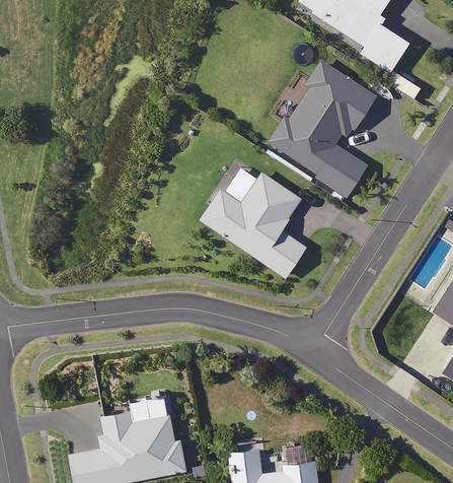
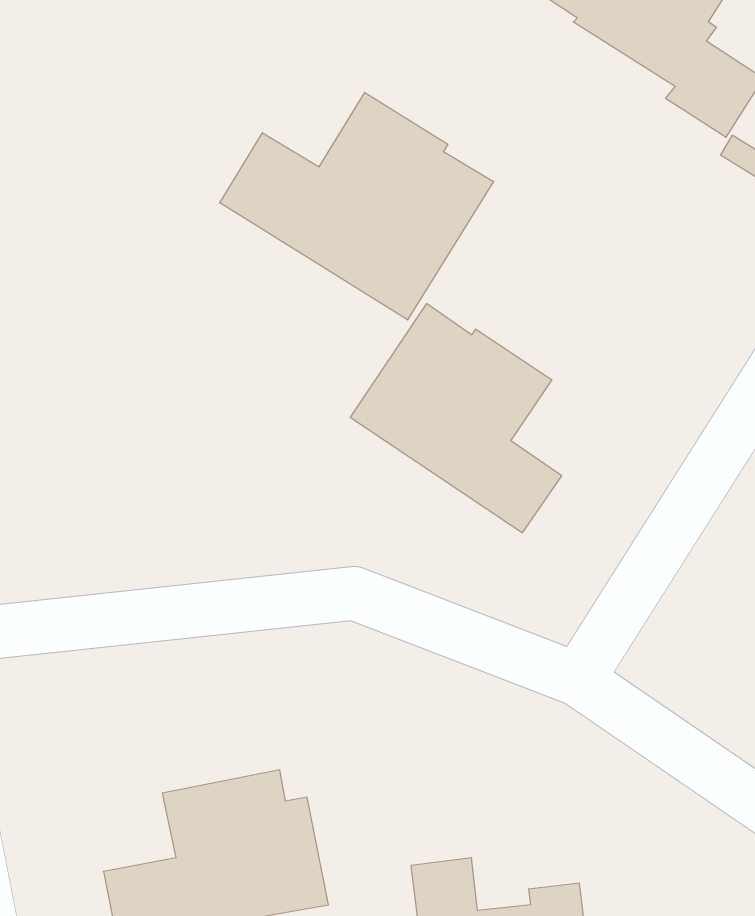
building: none -> [220,92,494,320]
building: [271,64,375,197] -> none

